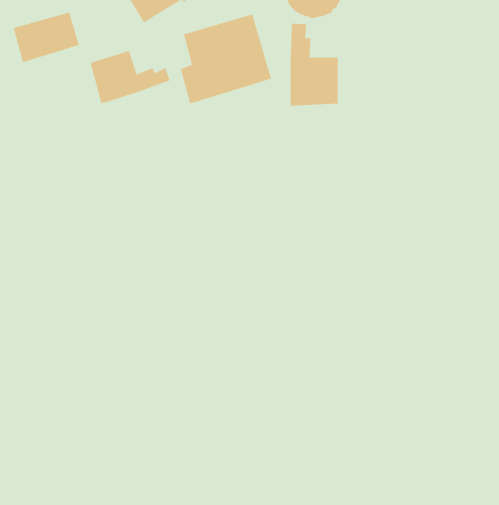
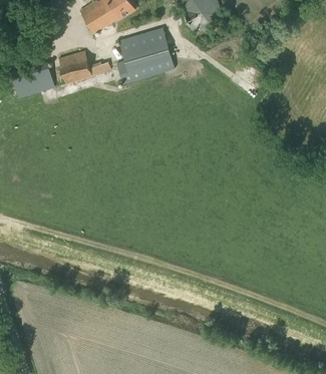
building: [13,12,79,63] -> [12,66,54,98]
building: [290,23,338,106] -> none

